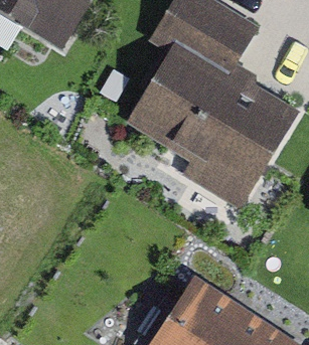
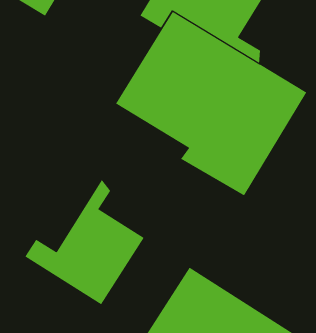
building: none -> [24,179,145,305]

